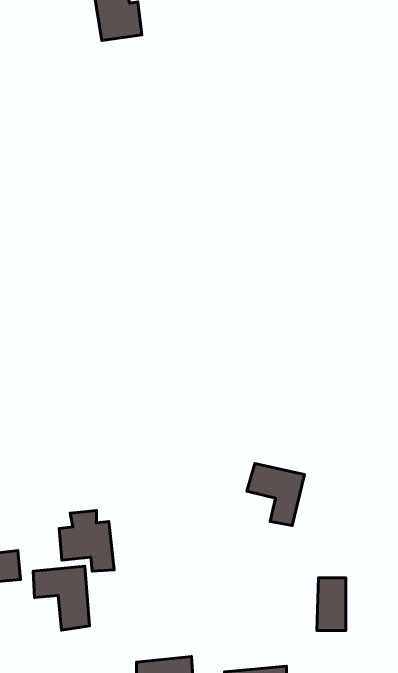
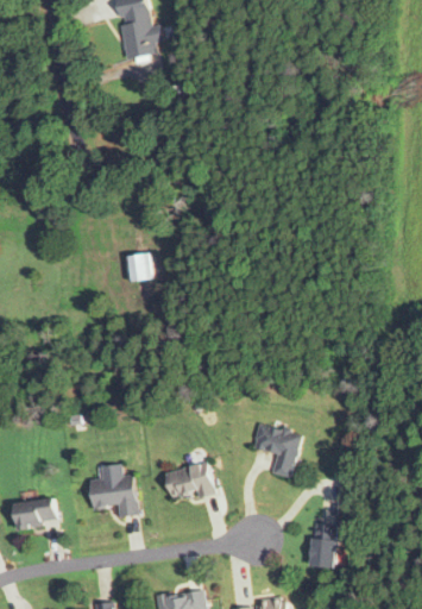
building: none -> [128,256,150,281]
building: none -> [165,463,214,502]
building: [33,566,89,630] -> none

